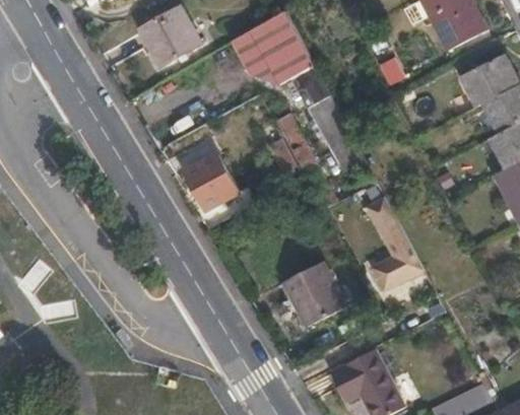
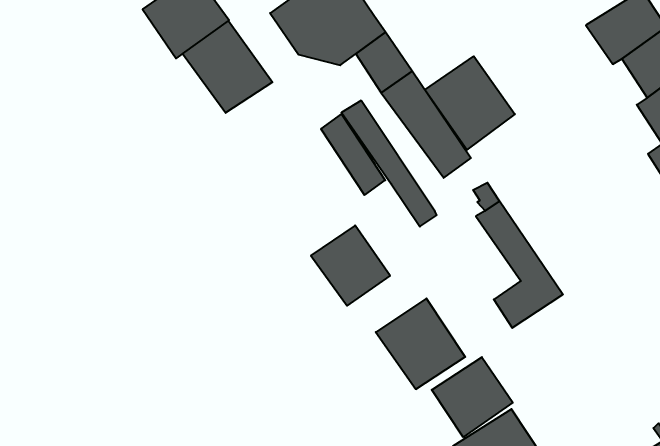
building: none -> [183,21,272,113]
building: none -> [425,56,515,150]
building: [183,152,239,210] -> [311,225,390,306]
building: none -> [432,357,513,437]

